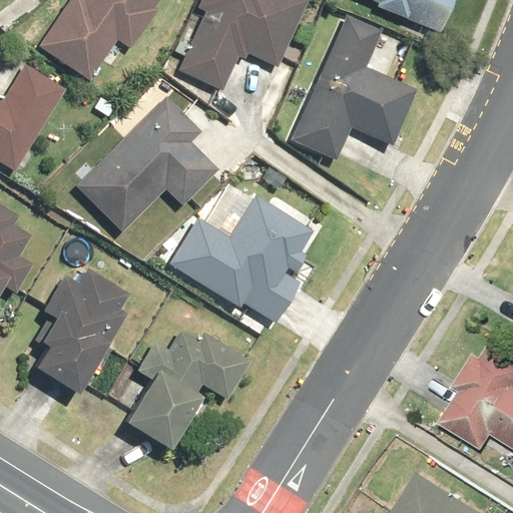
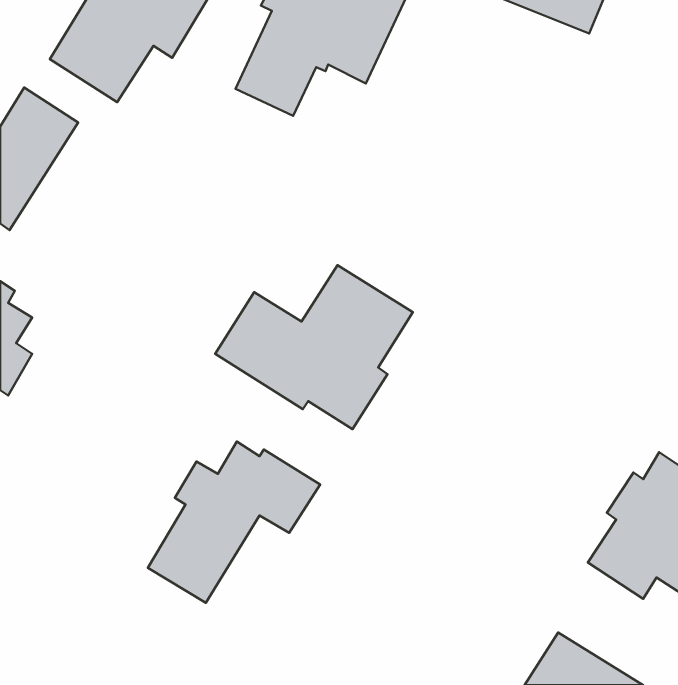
building: [292,15,414,158] -> none
building: [74,98,216,231] -> none
building: [26,270,127,396] -> none

